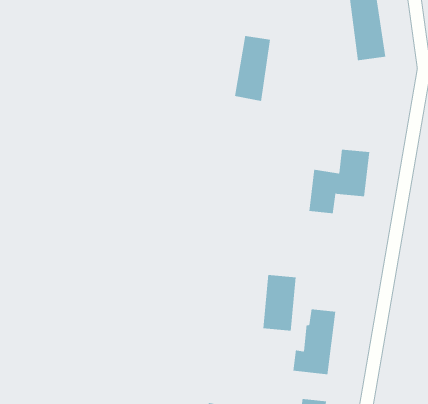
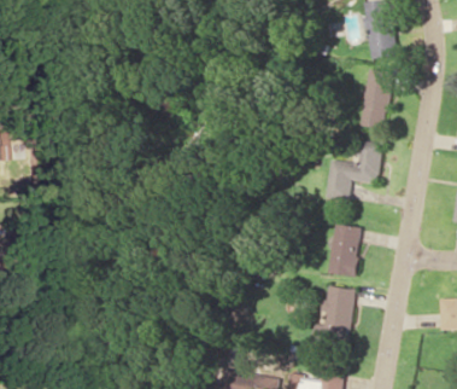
building: [234,35,271,101] -> [359,69,393,129]
building: [262,275,297,331] -> [328,225,359,277]

